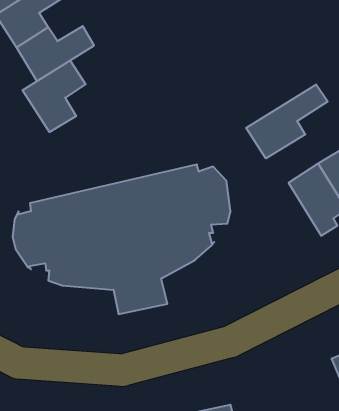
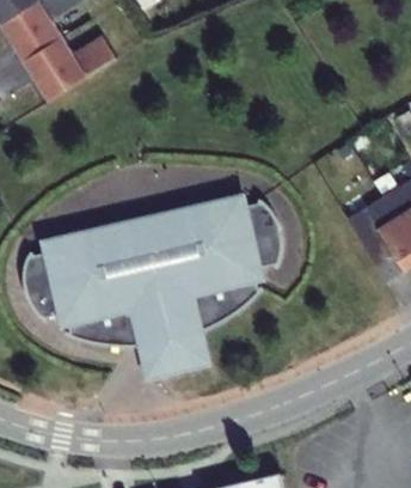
building: [23,60,86,132] -> none
building: [246,84,328,158] -> none

